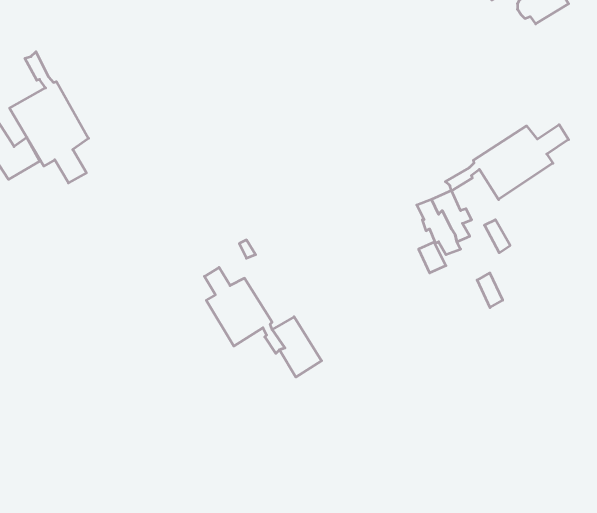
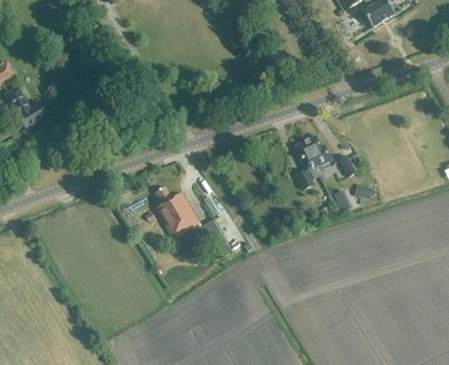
building: [10,52,89,183] -> none
building: [445,125,569,200] -> none

